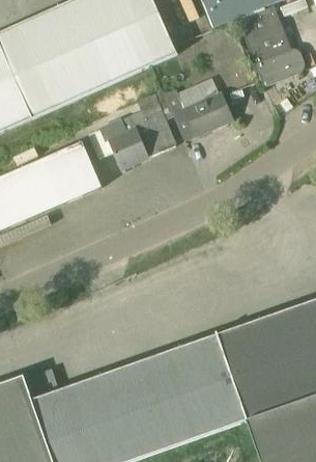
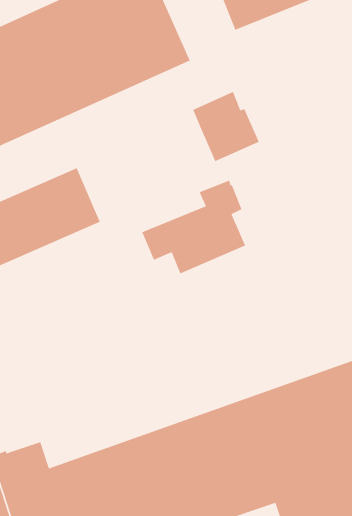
building: [238,7,305,87] -> none
building: [89,90,176,169] -> [141,179,246,275]

